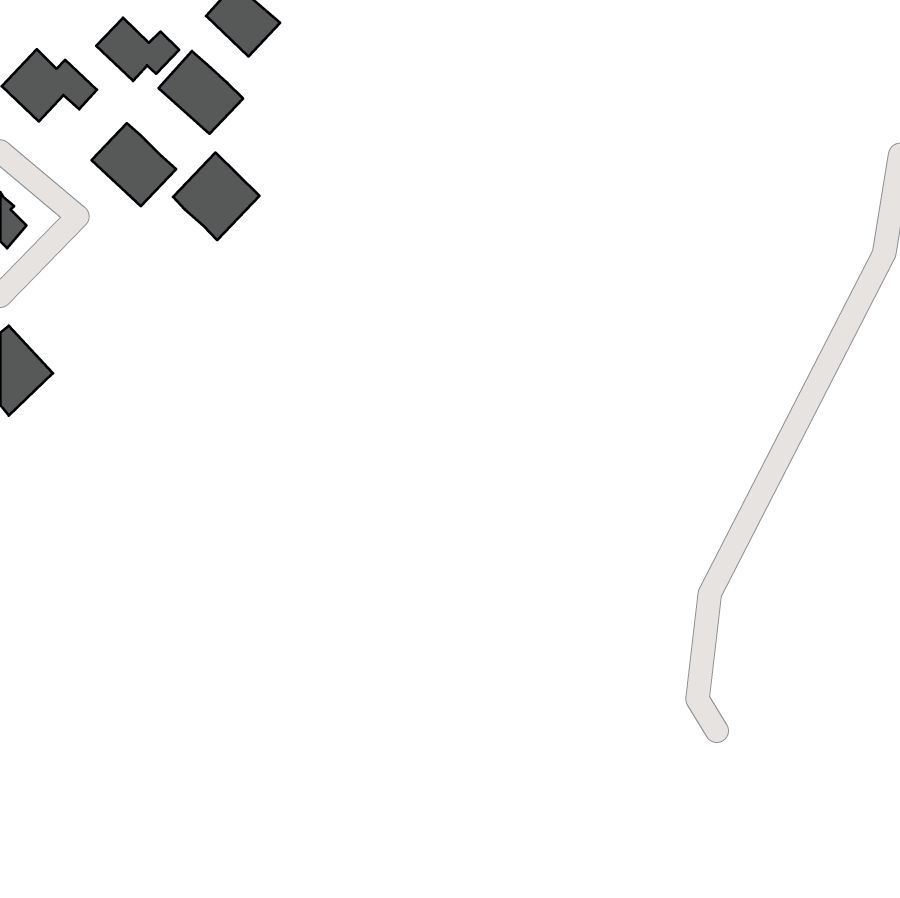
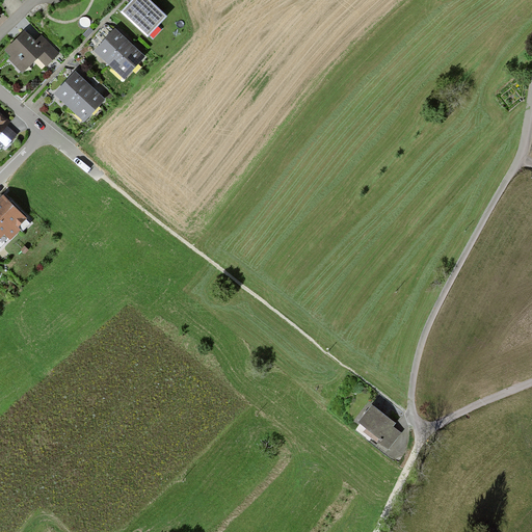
building: [96,18,179,81] -> none
building: [173,153,259,240] -> none
building: none -> [357,402,404,450]

